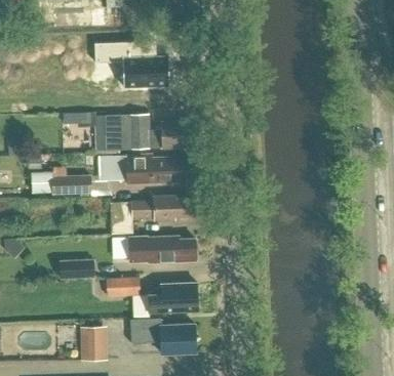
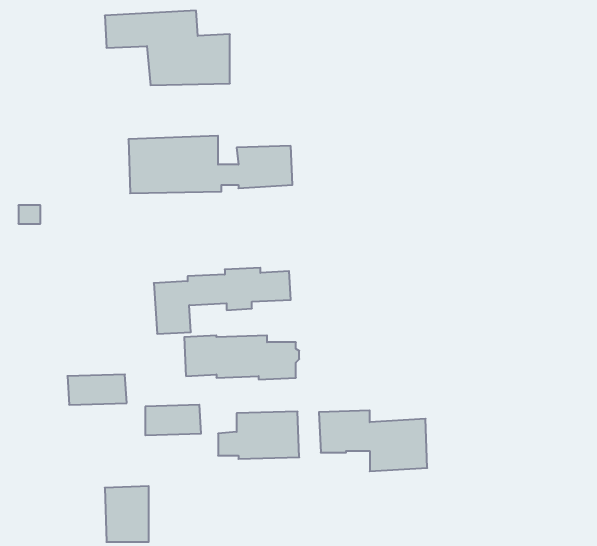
building: [98,156,192,181] -> none
building: [31,171,91,195] -> none
building: [129,318,195,354] -> [319,410,427,471]

